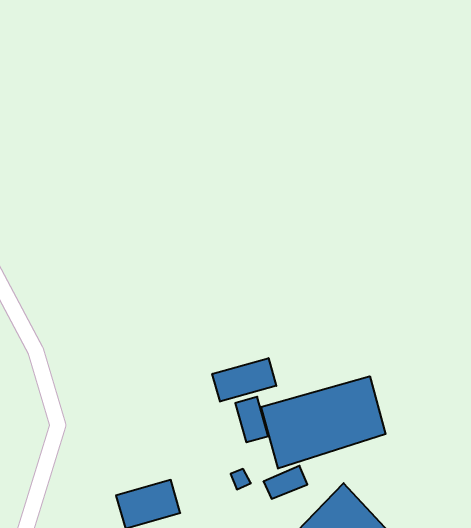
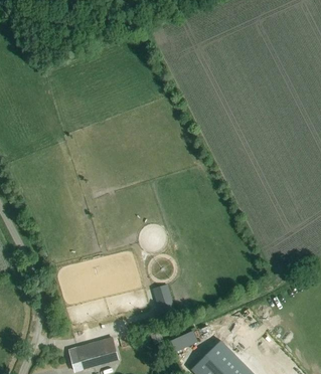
building: [212,358,276,402] -> none
building: [261,376,386,469] -> none

